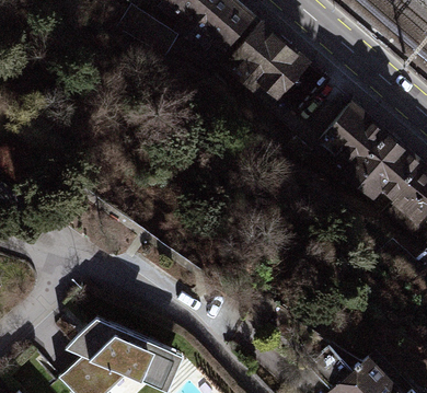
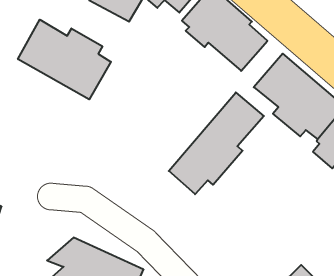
building: none -> [18,20,111,99]
building: none -> [169,92,264,194]

